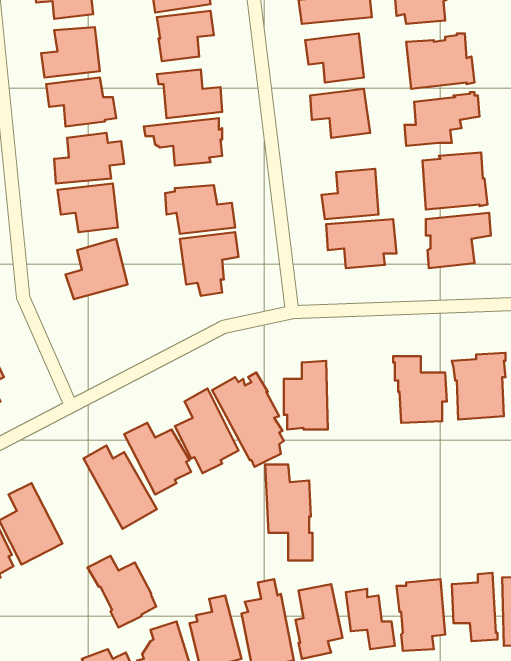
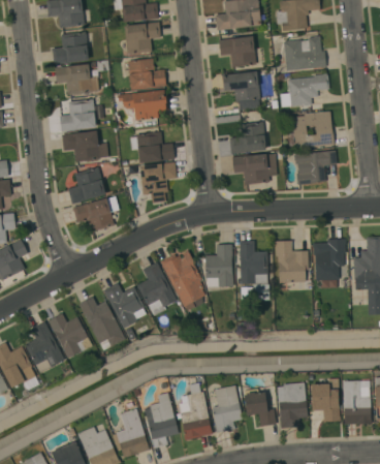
building: none -> [73,196,119,233]
building: [265,464,313,560] -> [240,241,270,302]
building: [88,556,156,628] -> [48,313,91,359]

